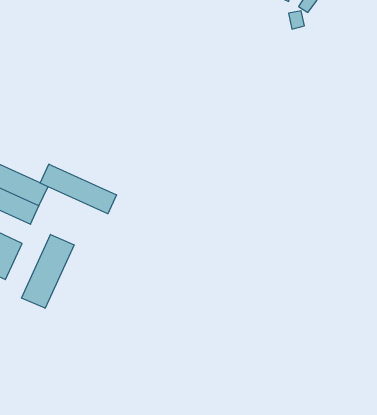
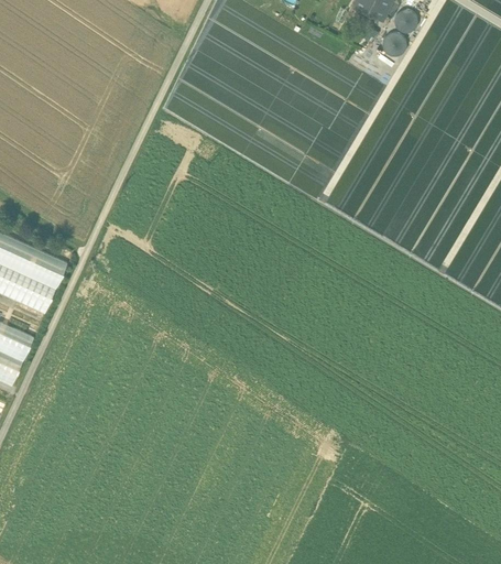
building: [40,164,116,214] -> none
building: [21,234,74,308] -> none

